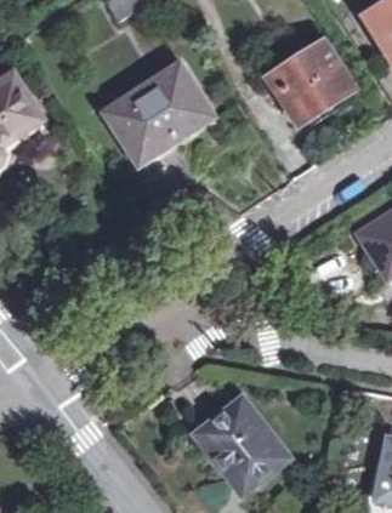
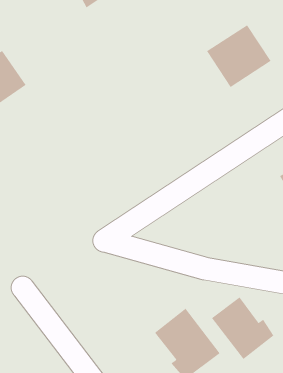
building: [106,63,214,156] -> none
building: none -> [211,297,274,360]

